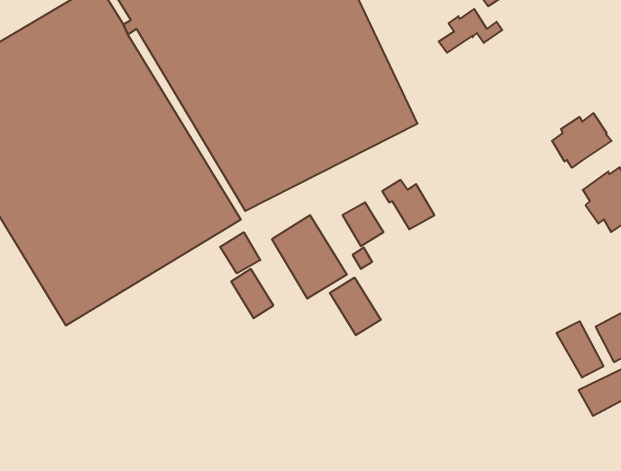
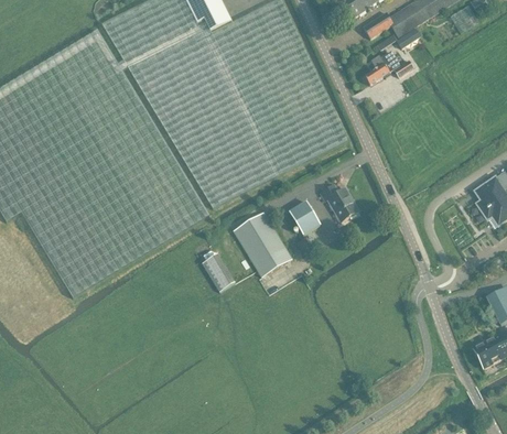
building: [552,113,612,168] -> none
building: [220,232,260,273] -> none
building: [330,278,381,335] -> none
building: [557,321,603,378] -> none

